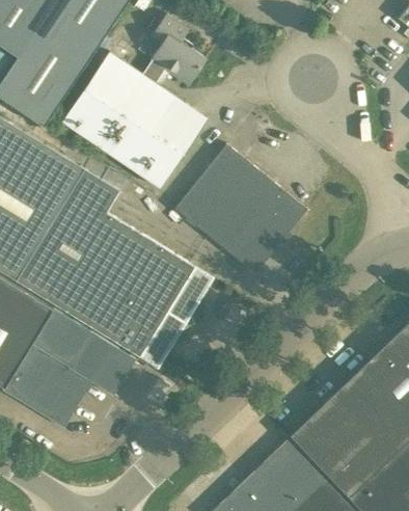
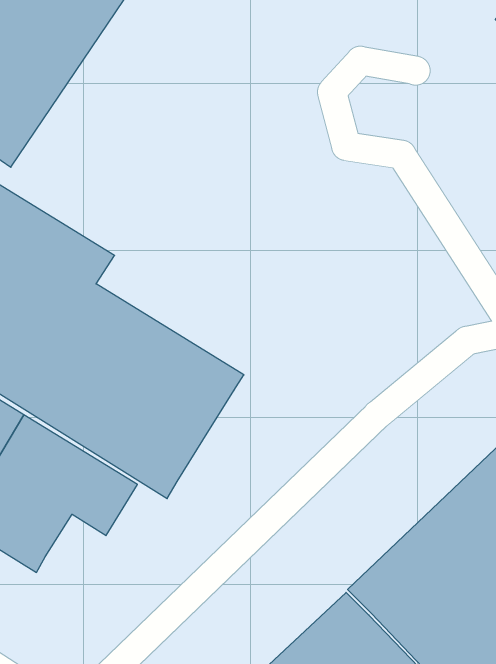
building: [61,15,207,188] -> none
building: [174,144,307,274] -> none

